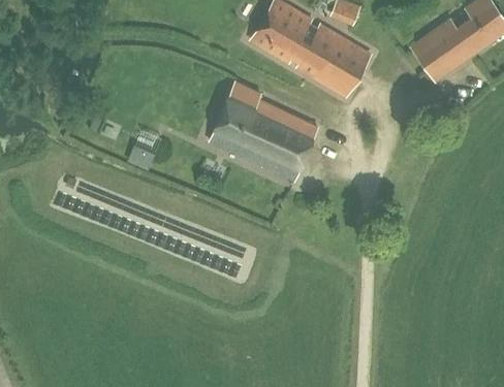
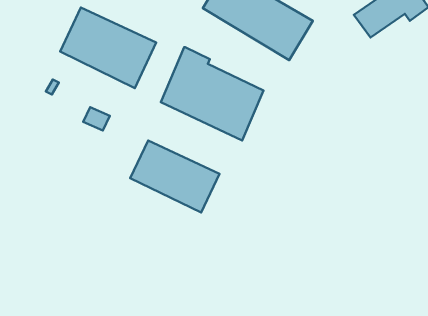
building: none -> [60,7,156,88]
building: none -> [130,141,219,213]

